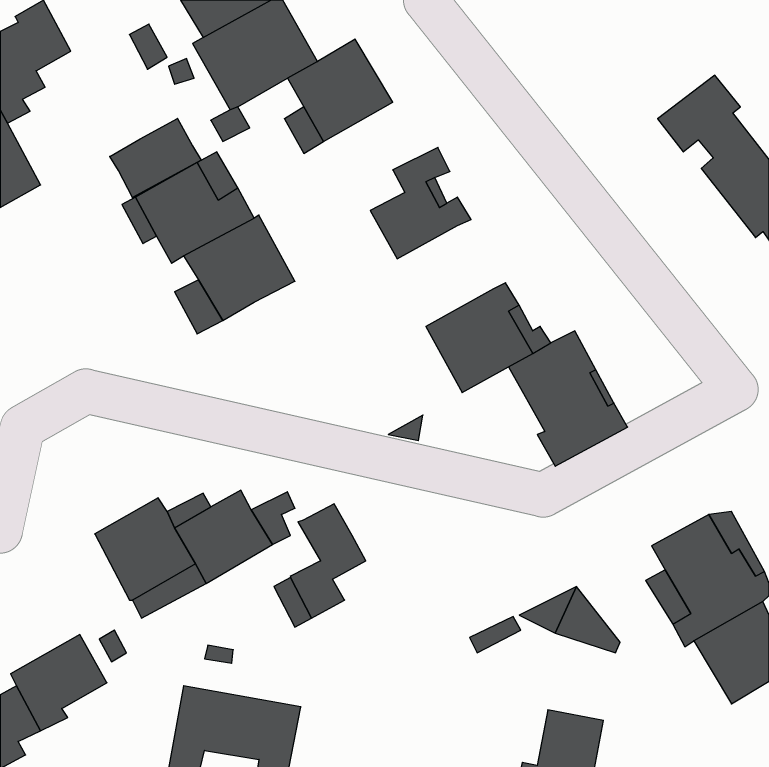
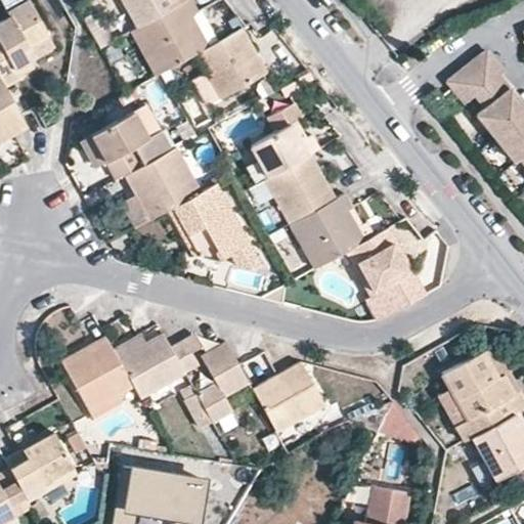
building: [110,118,201,198] -> none
building: none -> [266,155,336,223]
building: none -> [173,183,261,269]
building: none -> [252,361,325,432]

